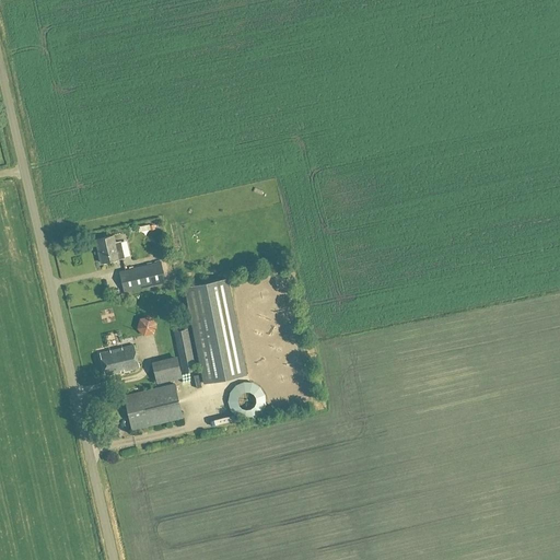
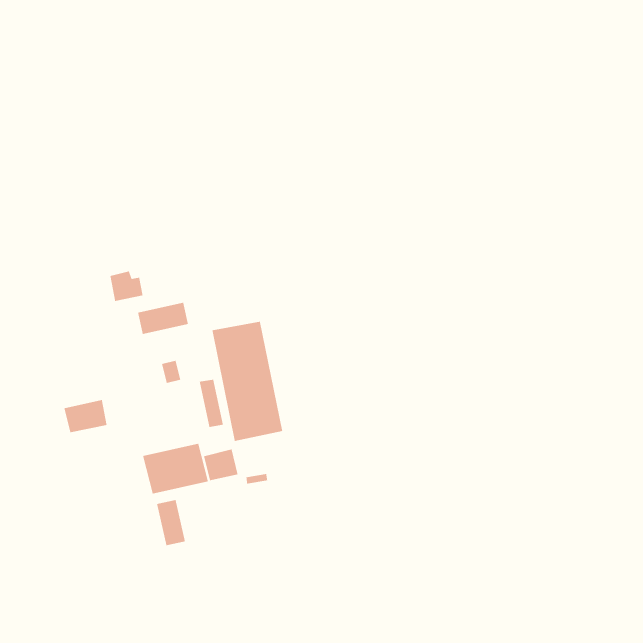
building: [100,345,138,374] -> [64,399,108,433]
building: [151,355,182,384] -> [203,448,238,481]
building: none -> [156,499,186,546]

